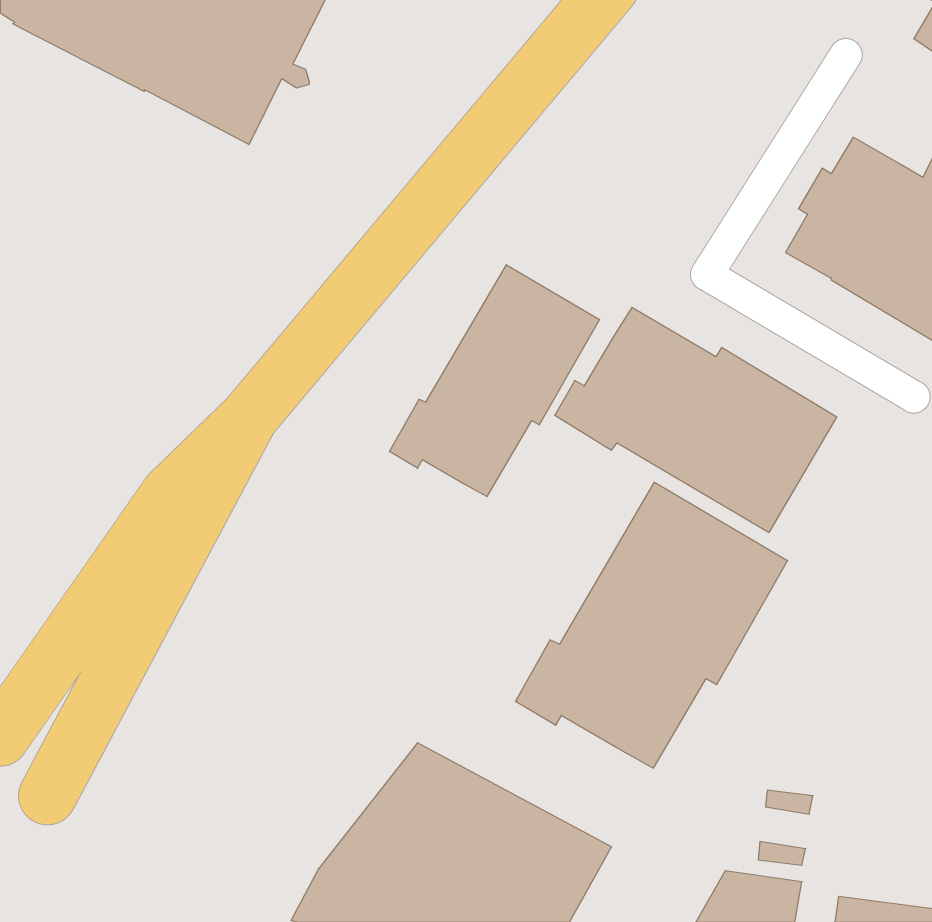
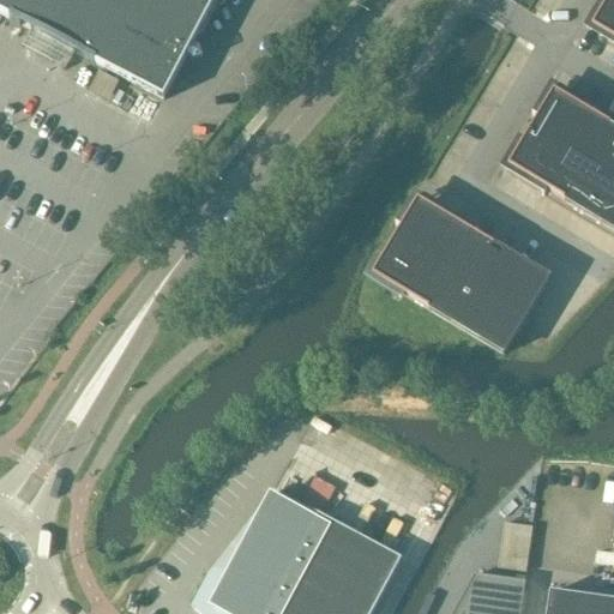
building: [390,265,600,497] -> none
building: [516,482,788,768] -> none

